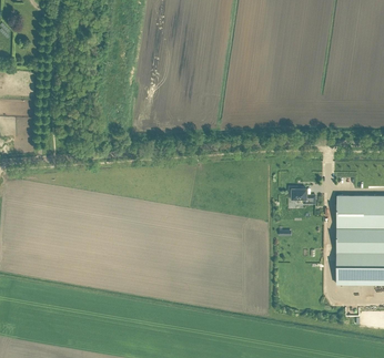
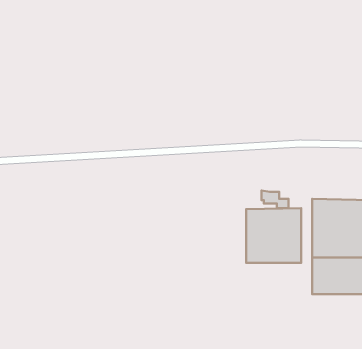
building: none -> [246,208,301,263]

